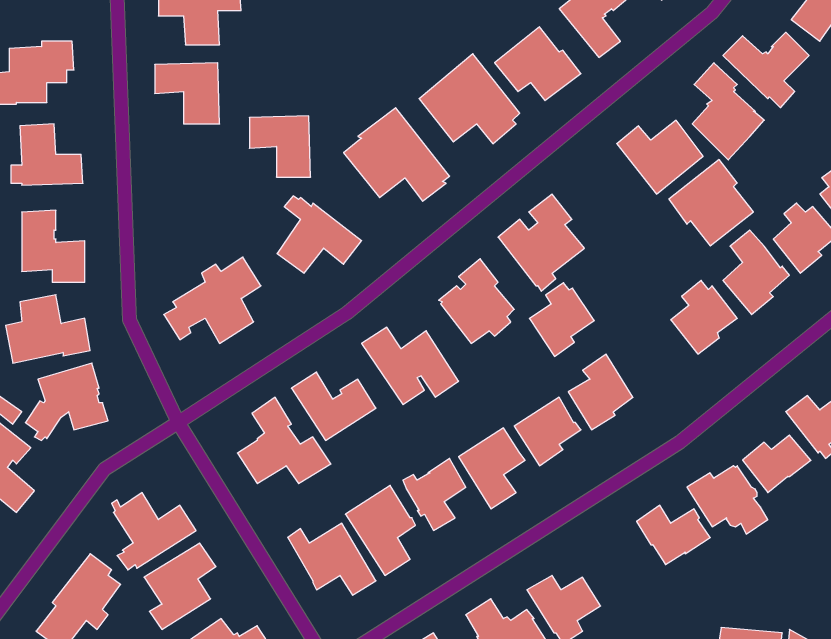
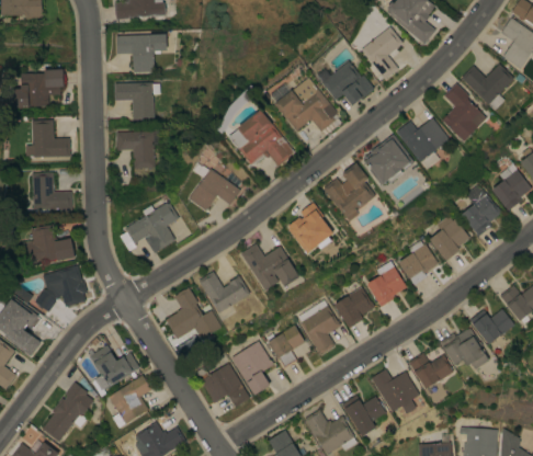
building: [249,116,311,177] -> [116,130,154,168]
building: [669,160,753,246] -> [361,134,412,186]
building: [529,283,594,356] -> [398,240,438,285]
building: none -> [371,368,419,413]

